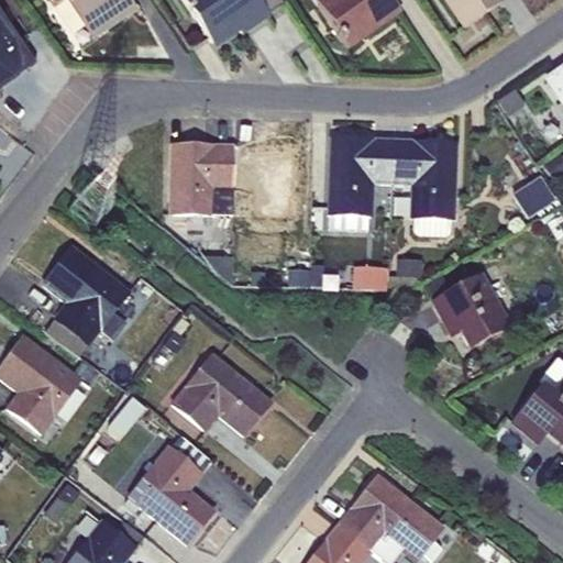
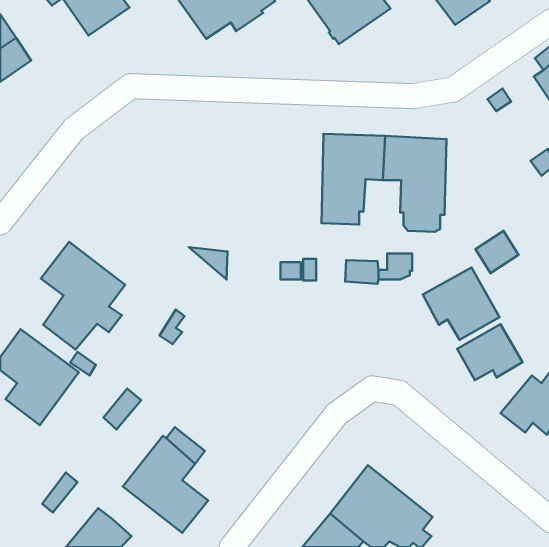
building: [170,143,234,214] -> none
building: [512,175,556,218] -> [476,231,519,273]
building: none -> [457,324,522,380]
building: [173,353,272,434] -> none

